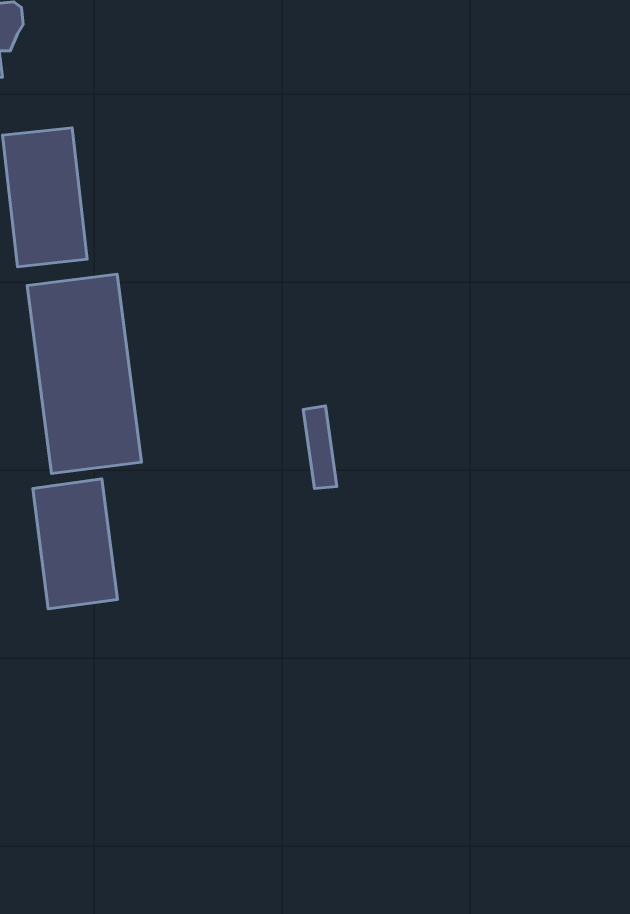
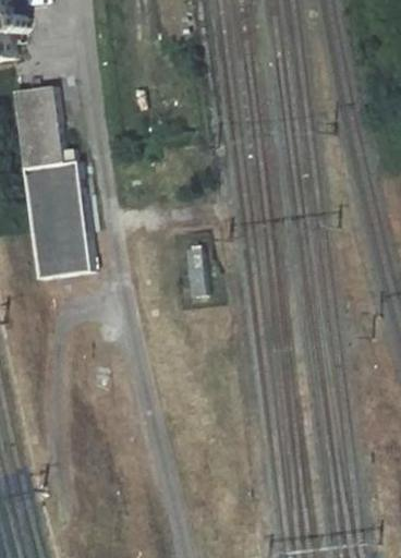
building: [33,479,118,609] -> none

